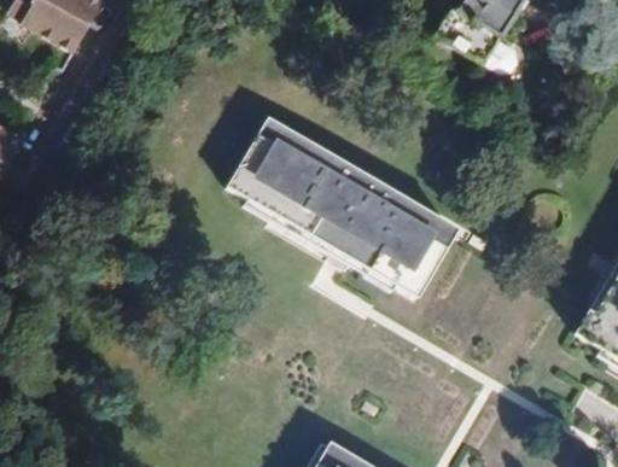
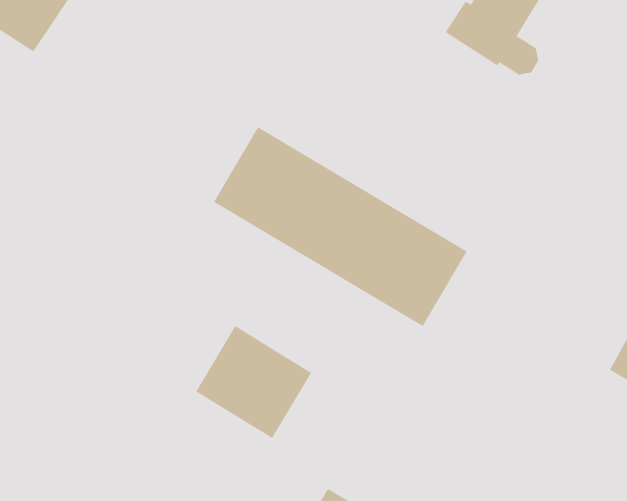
building: none -> [195,325,312,439]

